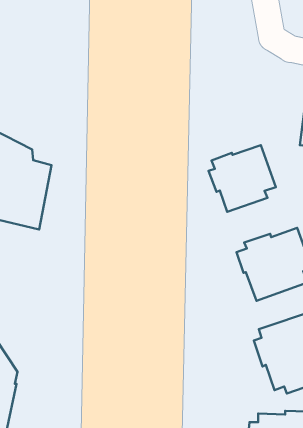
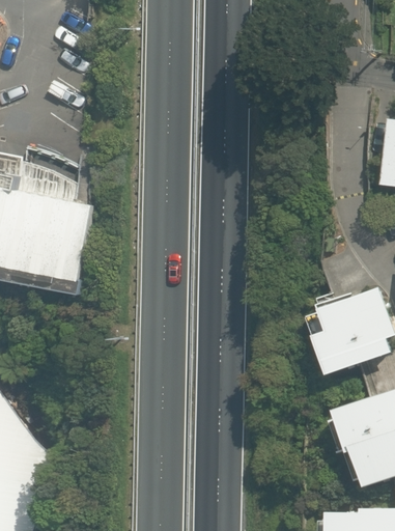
building: [208,145,276,212] -> none

